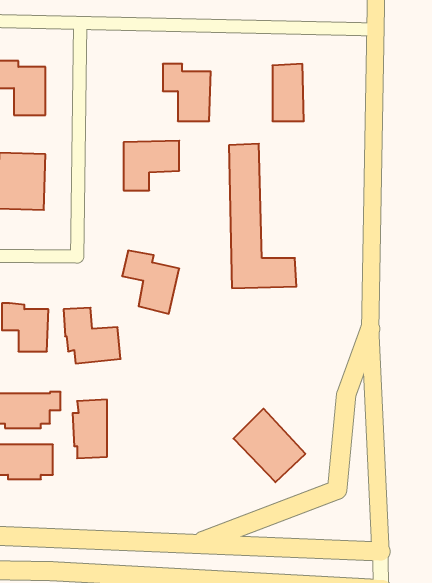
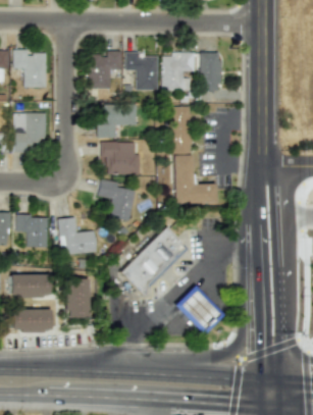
building: none -> [90,51,121,89]
building: none -> [161,52,195,91]
building: none -> [102,142,141,174]
building: none -> [120,227,182,295]

